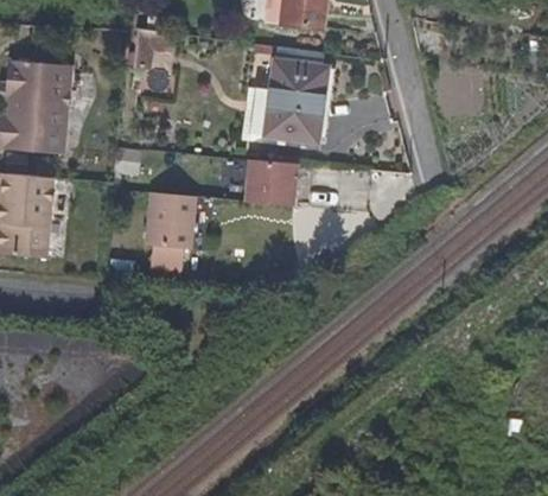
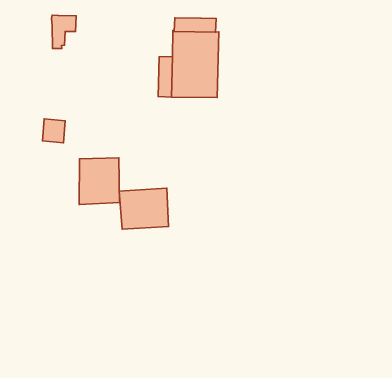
building: [240,158,295,204] -> [119,188,169,229]

